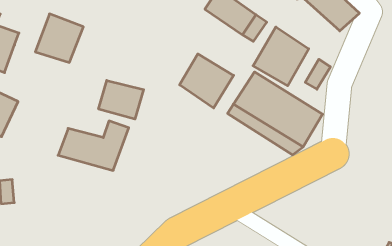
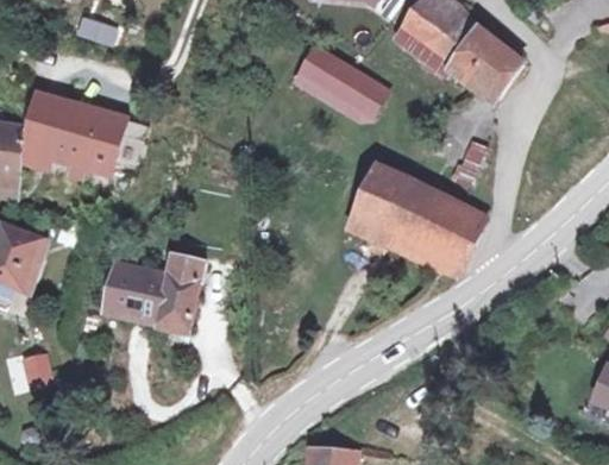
building: none -> [27,98,74,164]
building: [253,27,309,86] -> none
building: [180,54,234,108] -> none
building: [99,80,144,119] -> none

